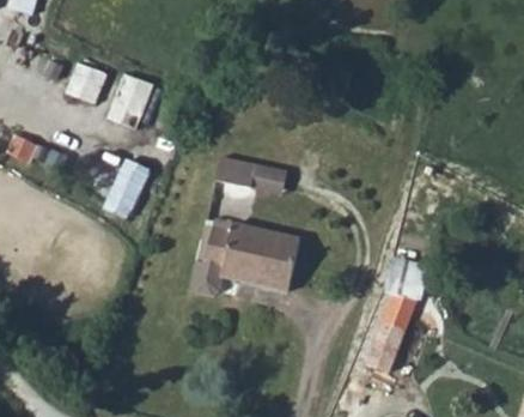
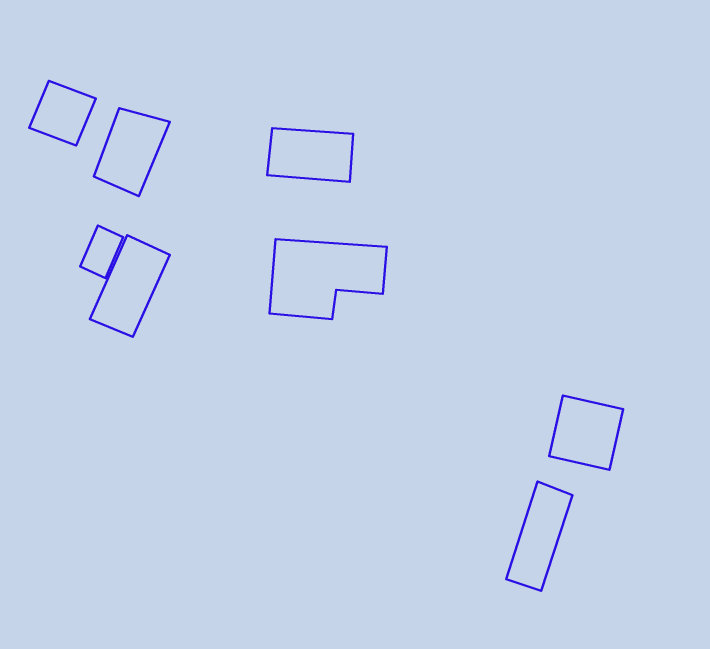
building: none -> [267,128,353,182]
building: [212,225,307,297] -> none

